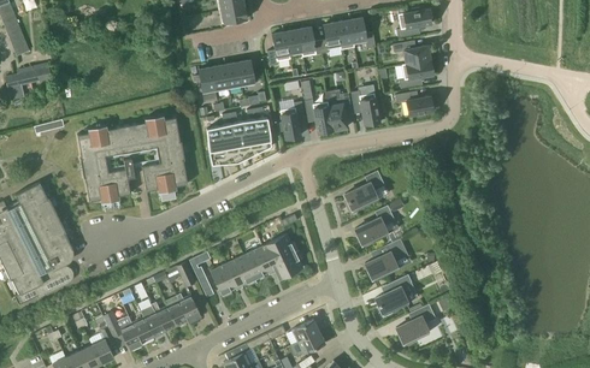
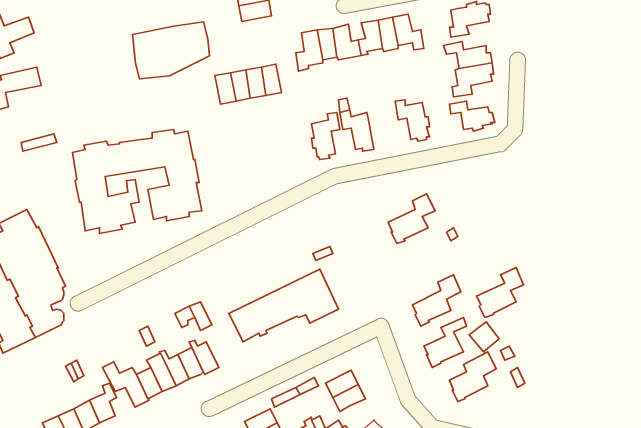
building: [328,93,352,132] -> none
building: [207,118,272,166] -> [133,22,209,79]
building: [355,204,395,247] -> [476,268,523,317]

